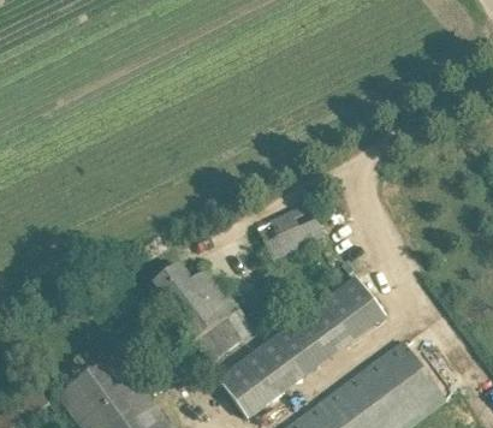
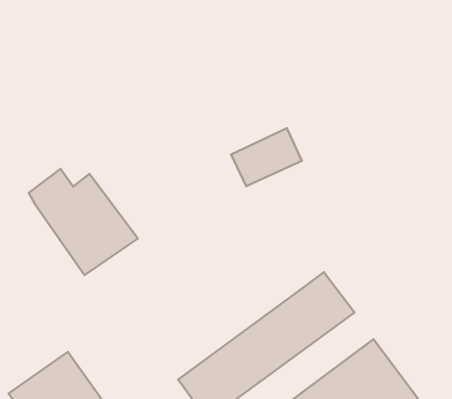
building: [256,202,323,257] -> [231,128,302,186]
building: [149,262,253,363] -> [29,169,138,275]

